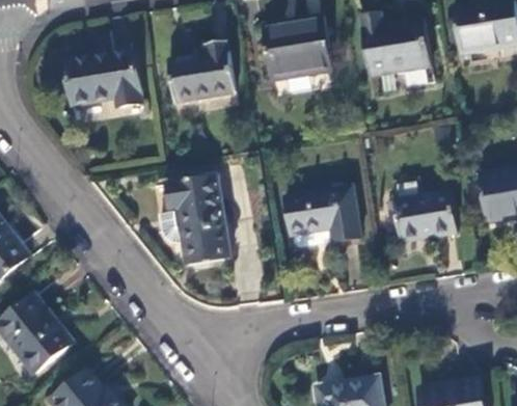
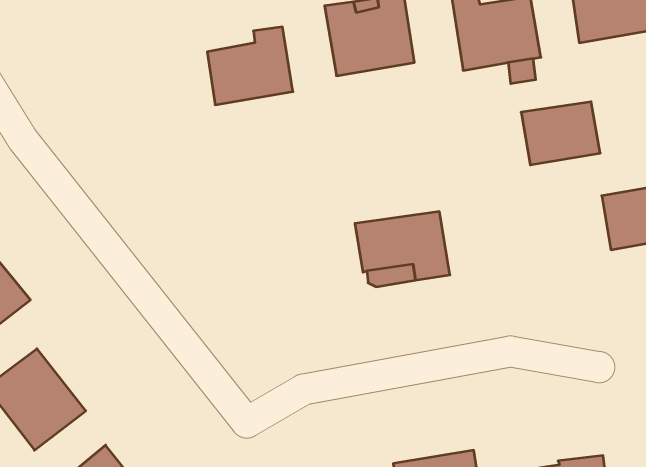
building: [67,51,141,107] -> none
building: [159,177,228,263] -> none
building: [393,191,456,241] -> [521,102,600,165]

